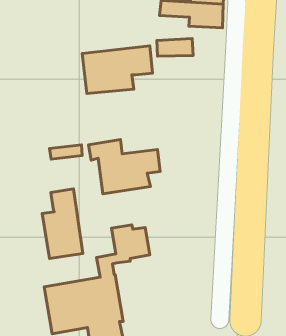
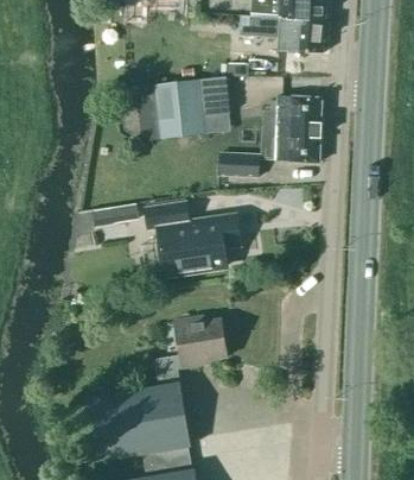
building: none -> [269,96,321,163]
building: none -> [218,152,261,176]
building: [42,189,83,258] -> none

